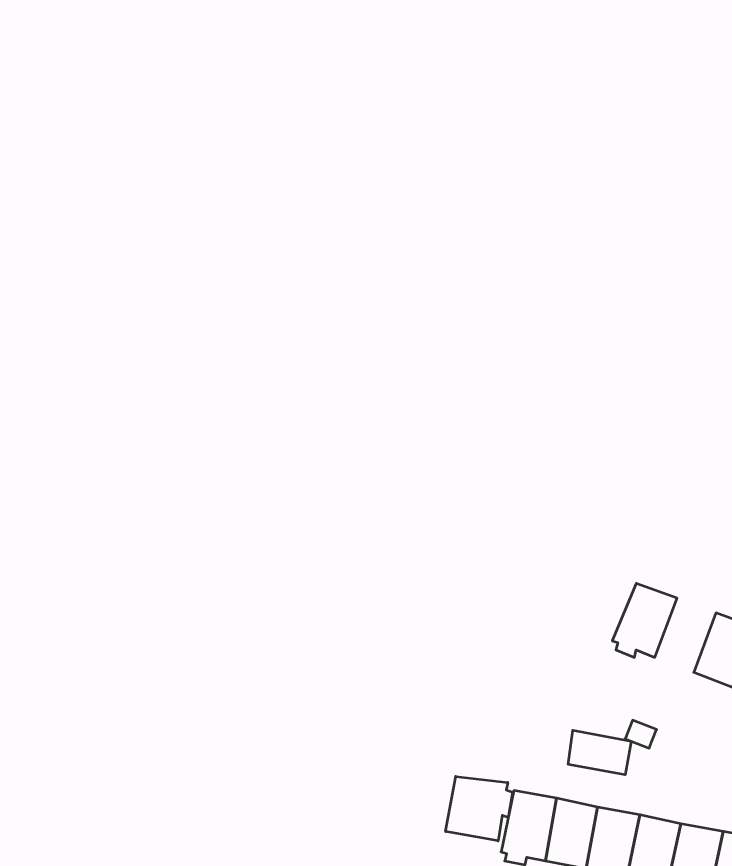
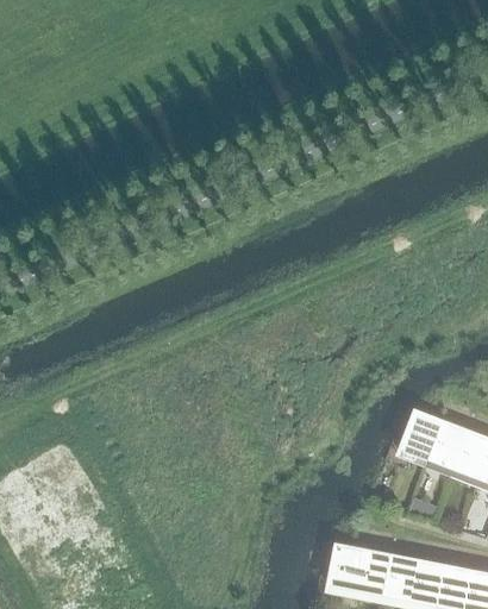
building: none -> [426,422,465,470]
building: [568,730,631,775] -> none
building: [446,776,512,841] -> none

